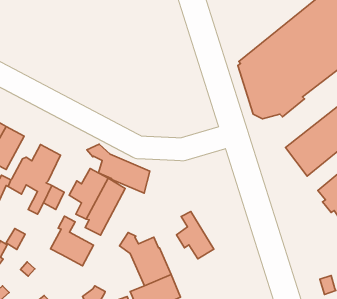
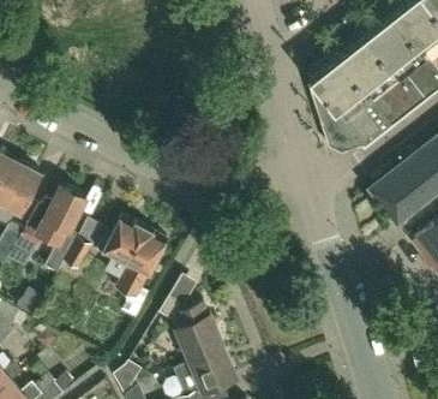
building: [87,144,150,193] -> none
building: [177,211,214,259] -> none
building: [50,216,93,266] -> none

